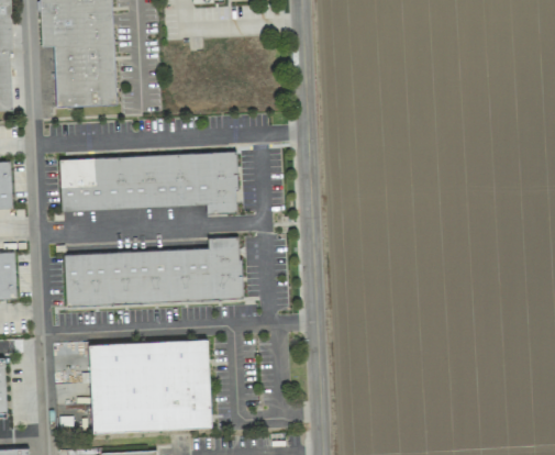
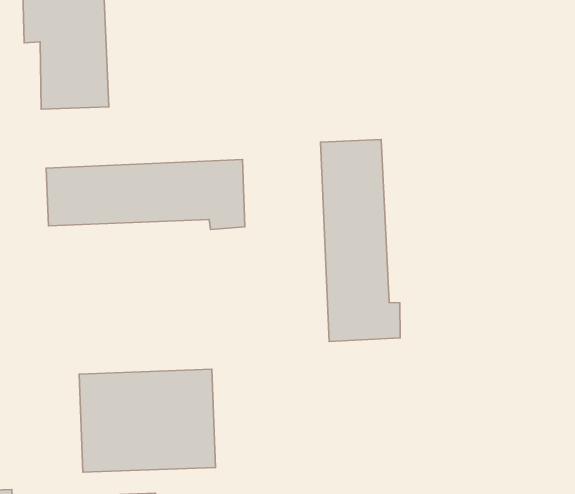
building: none -> [321,140,400,341]
building: [64,236,242,306] -> none

